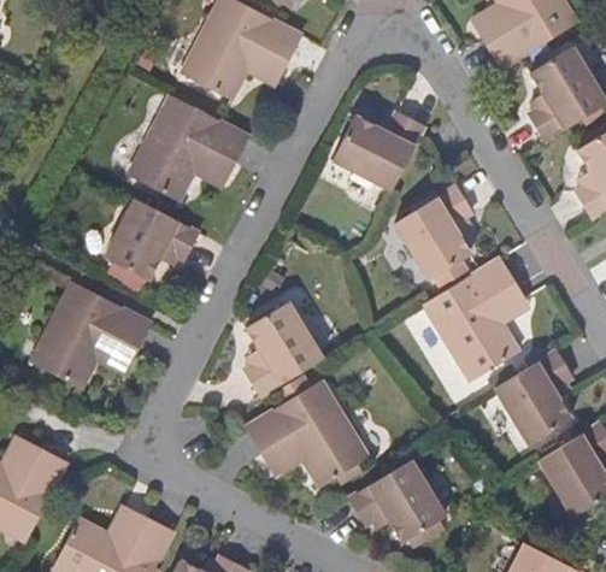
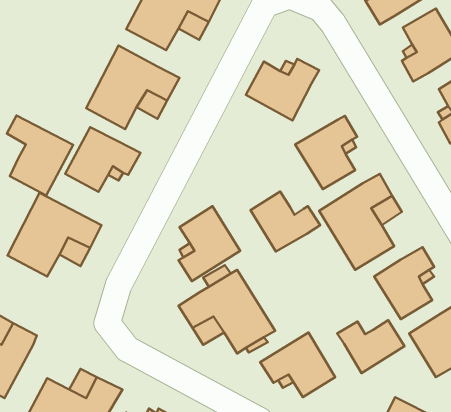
building: none -> [7,115,73,195]
building: none -> [251,192,320,251]
building: none -> [337,320,404,373]

